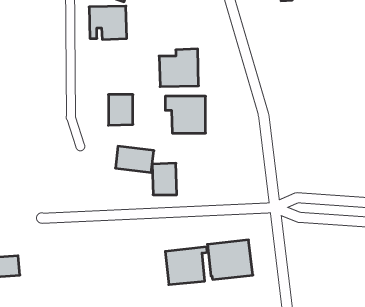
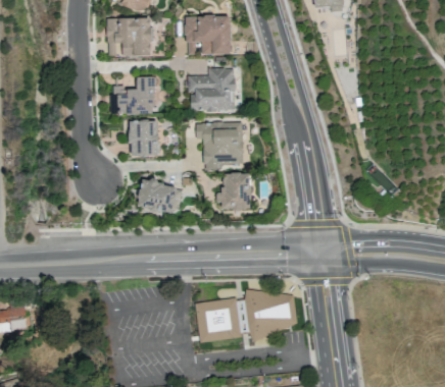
building: none -> [186,15,231,54]
building: none -> [111,76,154,114]
building: [152,163,177,195] -> [223,172,251,209]

